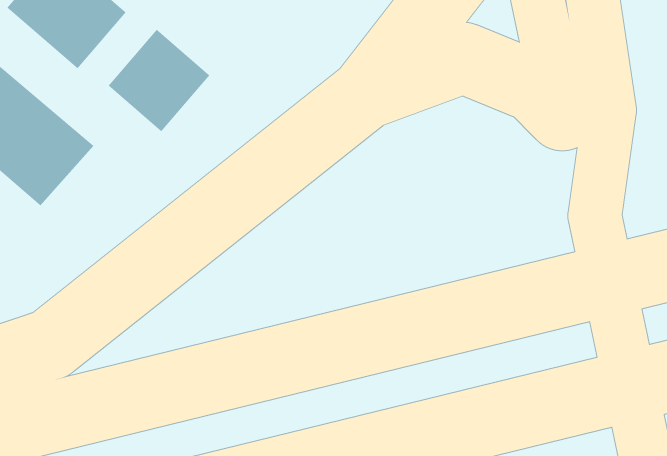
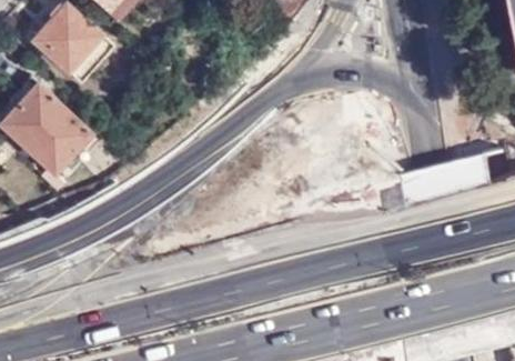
building: [108,29,210,132] -> none

